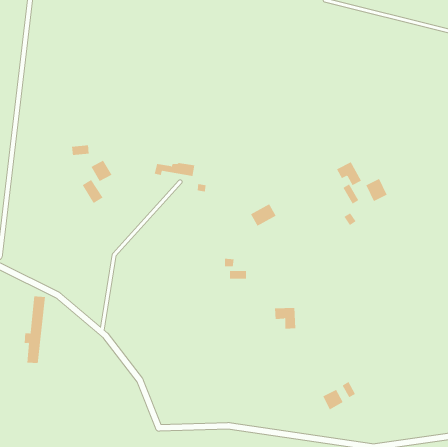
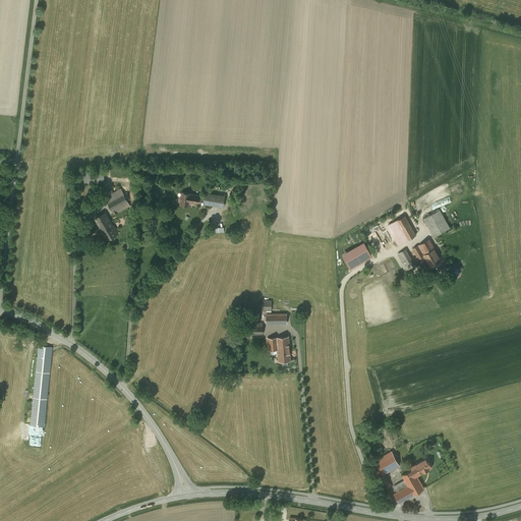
building: [336,161,362,186] -> [412,238,442,267]
building: [250,204,277,226] -> [341,244,371,271]
building: [274,307,296,329] -> [266,337,291,362]
building: none -> [395,458,432,504]

